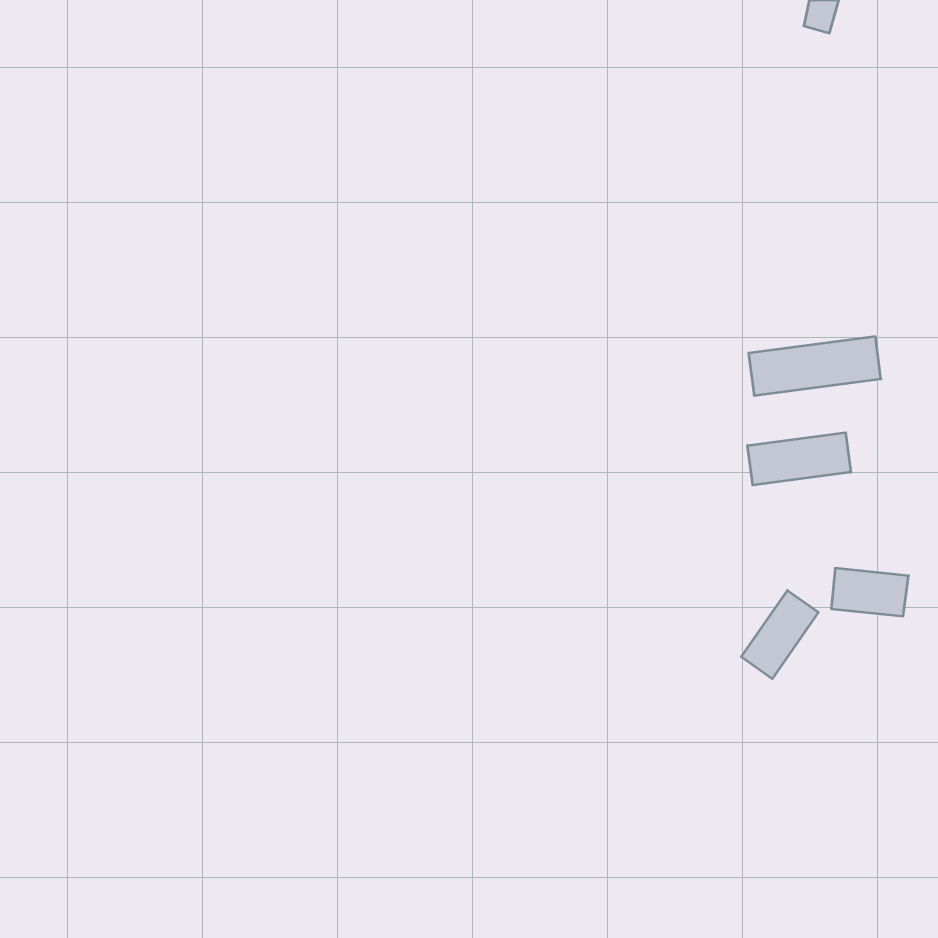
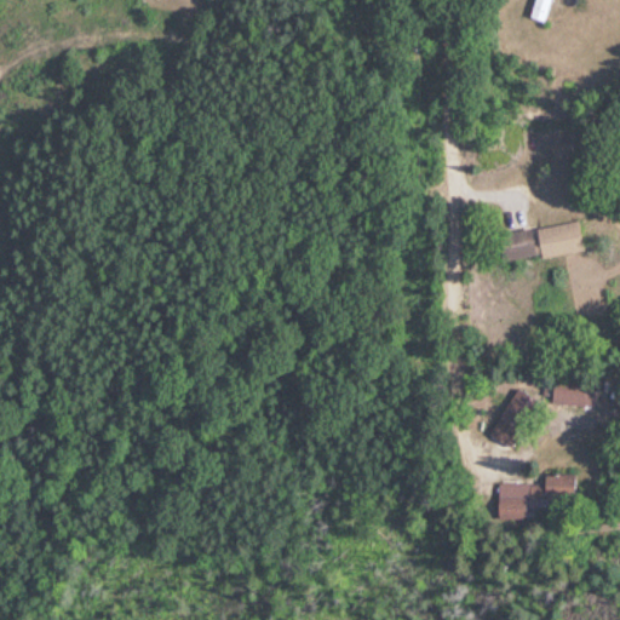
building: [748,433,851,485] -> none
building: none -> [496,475,568,512]

